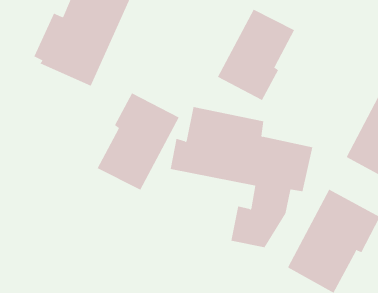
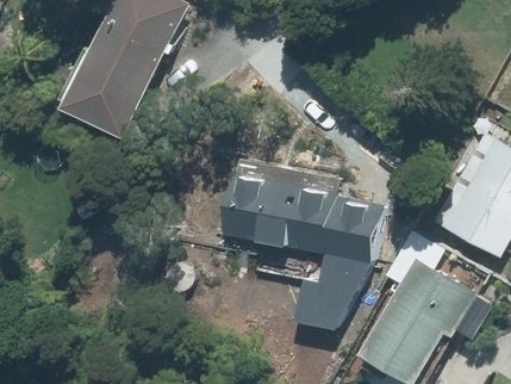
building: [217,9,295,101] -> none
building: [97,92,179,191] -> none

